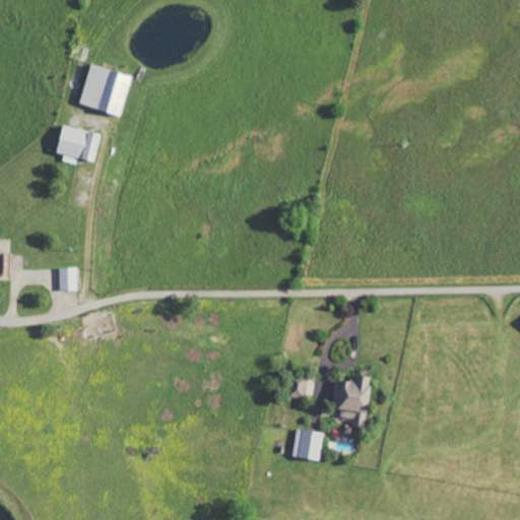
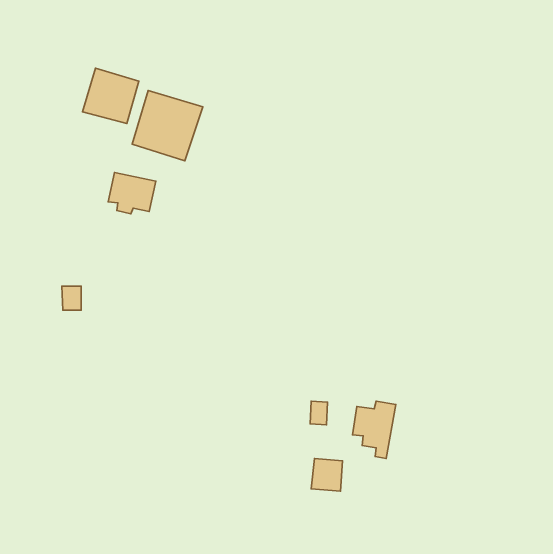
building: none -> [132,90,203,161]
building: [55,126,100,165] -> [108,173,156,214]

